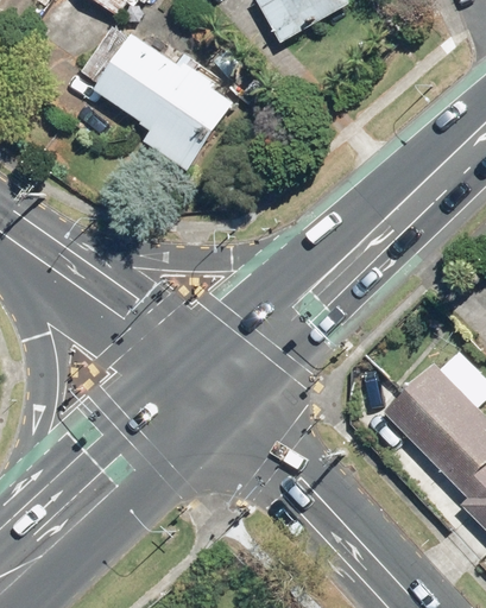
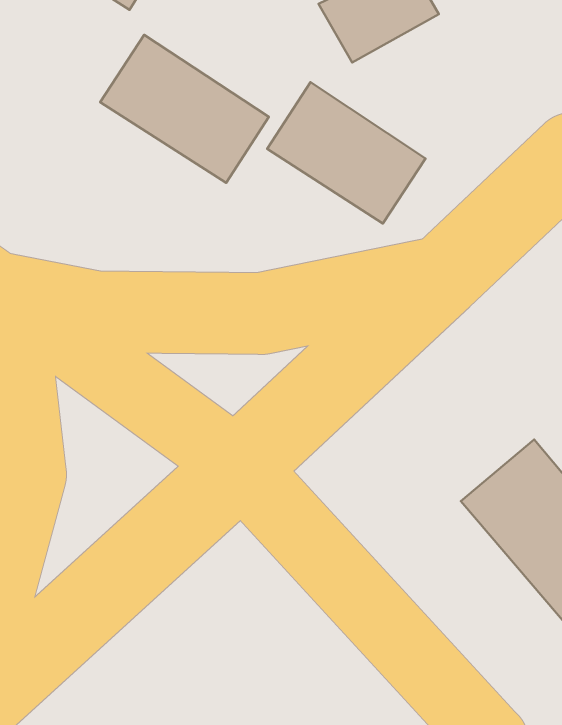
building: none -> [267,82,426,224]

